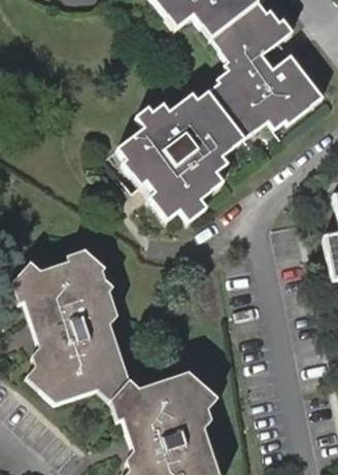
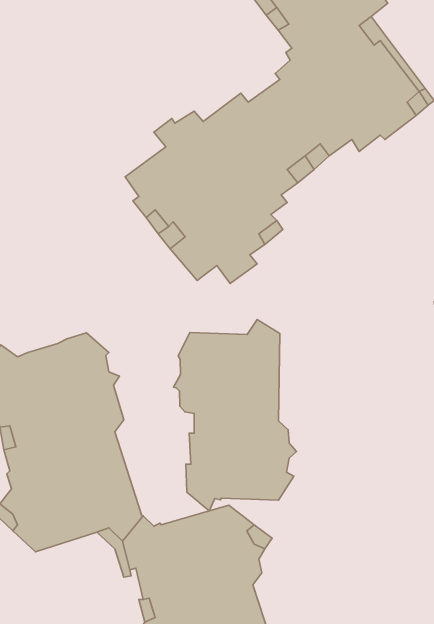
building: none -> [173,320,296,511]

